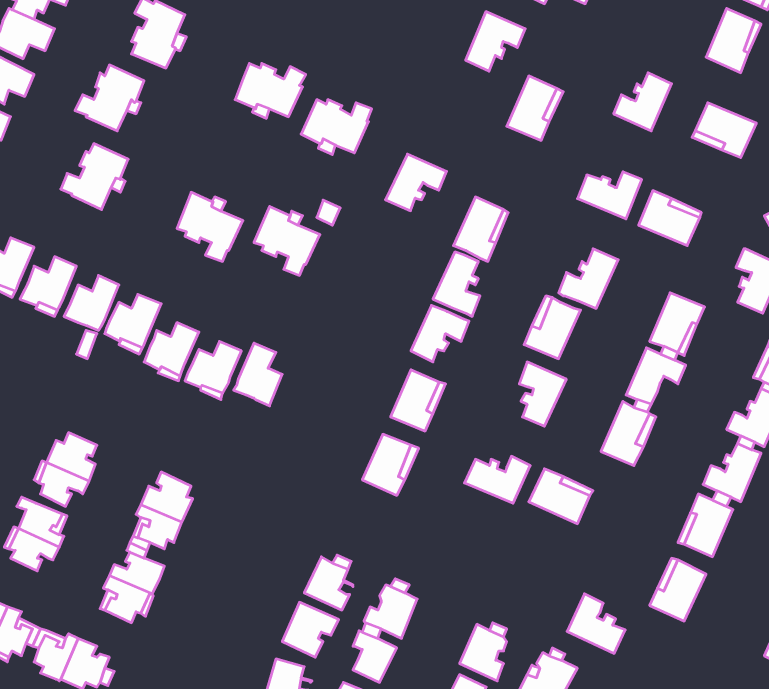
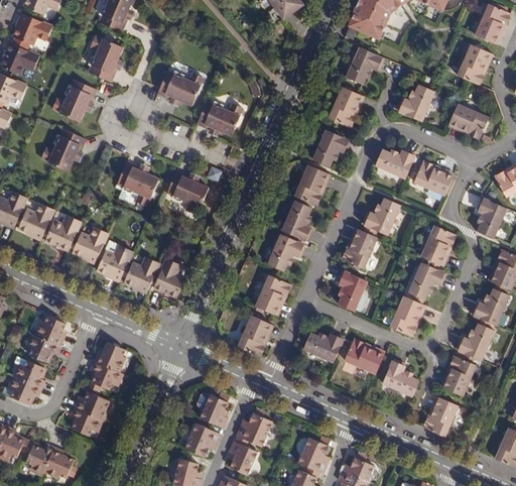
building: [466,12,525,71] -> [346,47,384,86]
building: [385,154,447,211] -> [312,129,352,165]
building: [567,594,625,653] -> [381,357,418,395]

